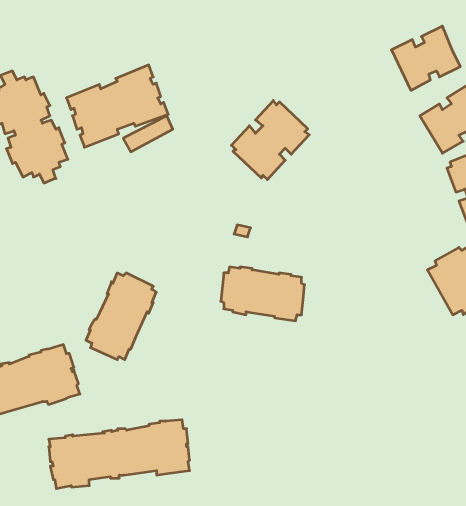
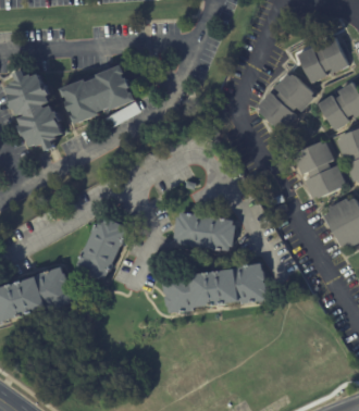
building: [231,100,309,180] -> [257,71,313,128]
building: none -> [295,141,346,199]
building: [49,420,190,489] -> [163,263,265,313]

